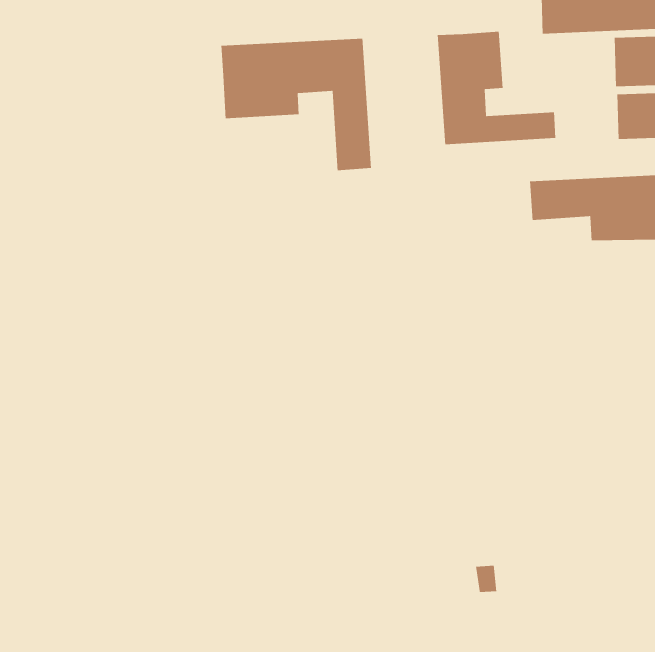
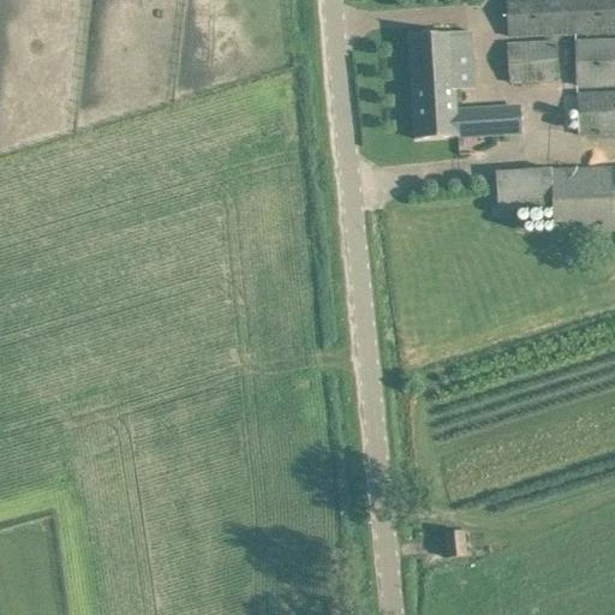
building: none -> [507,35,560,79]
building: [220,38,372,171] -> none

